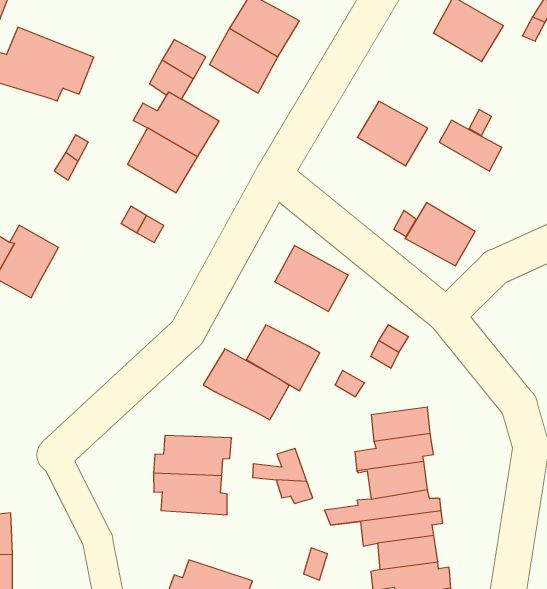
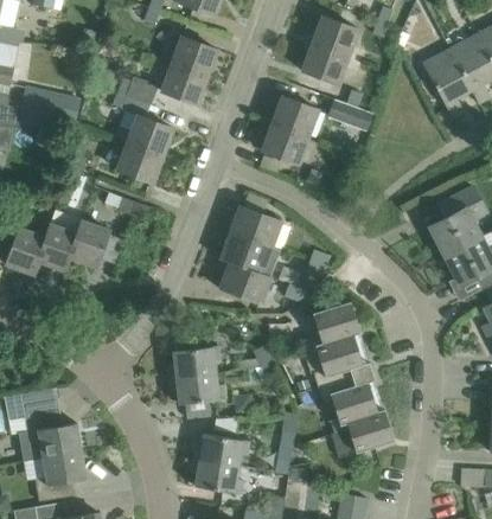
building: none -> [301,43,349,84]
building: [405,203,475,266] -> [261,123,308,164]
building: none -> [70,219,109,267]
building: [203,349,289,420] -> [221,232,280,276]

